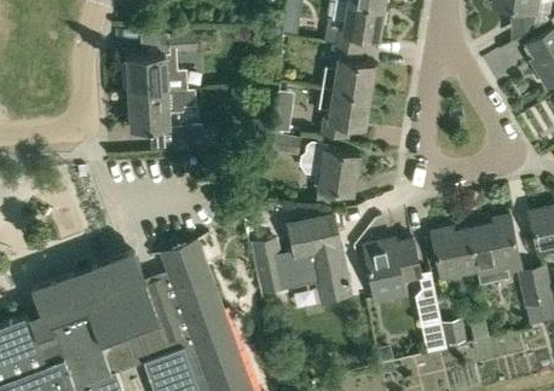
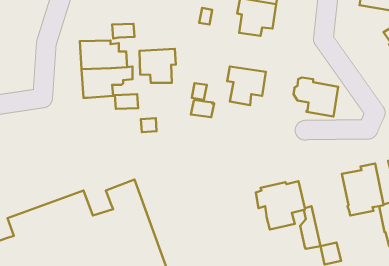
building: [323,46,374,96] -> none
building: none -> [139,49,176,83]
building: [301,143,359,194] -> [294,77,338,116]
building: [254,218,348,300] -> none
building: [432,230,478,278] -> none

